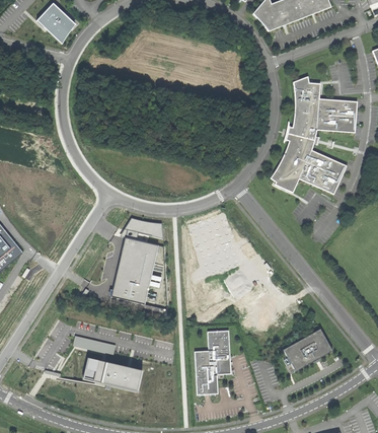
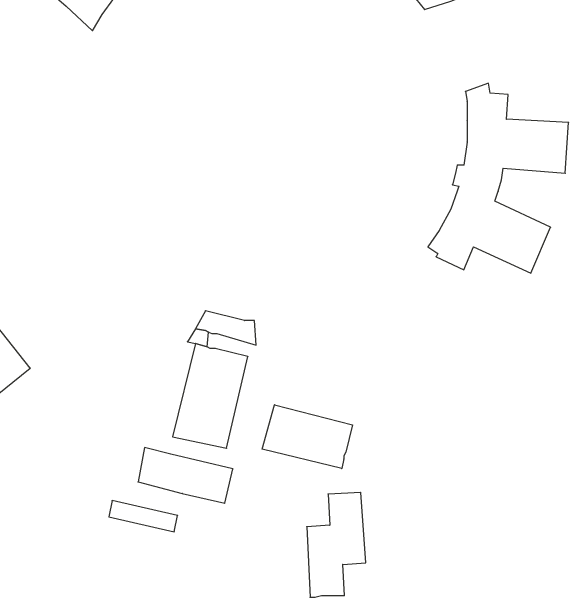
building: none -> [262,405,352,469]
building: [283,329,332,371] -> none
building: [83,357,142,391] -> [138,448,233,503]

